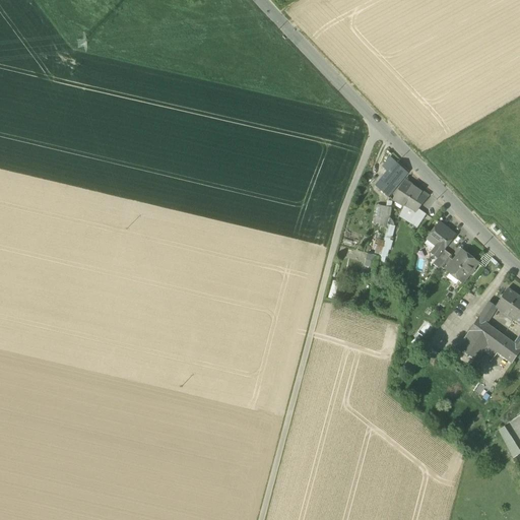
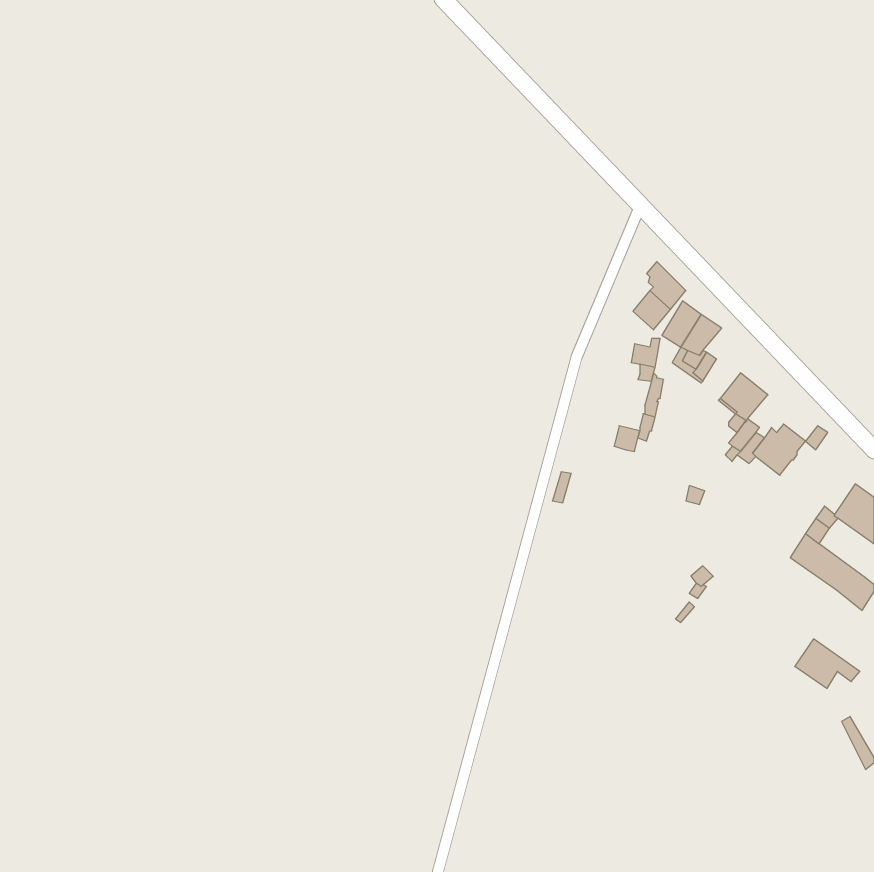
building: [458,331,497,361] -> [795,639,860,688]

